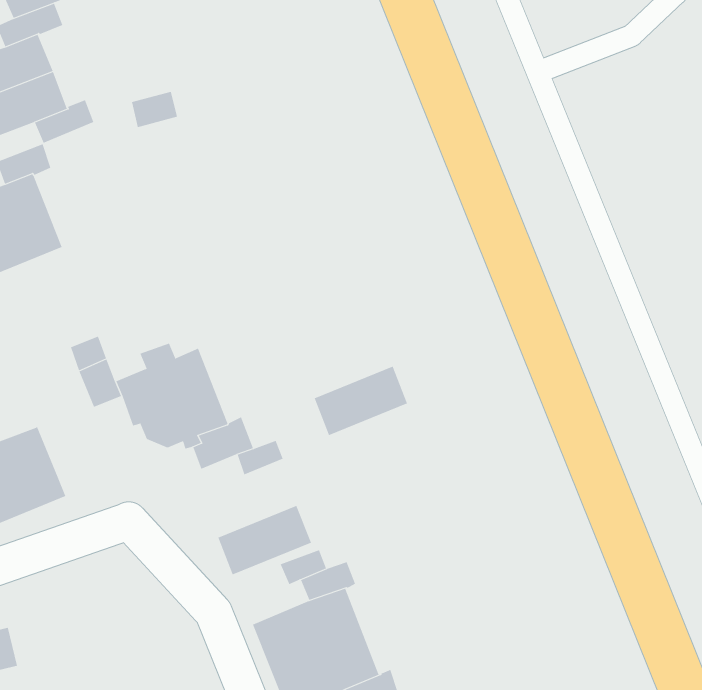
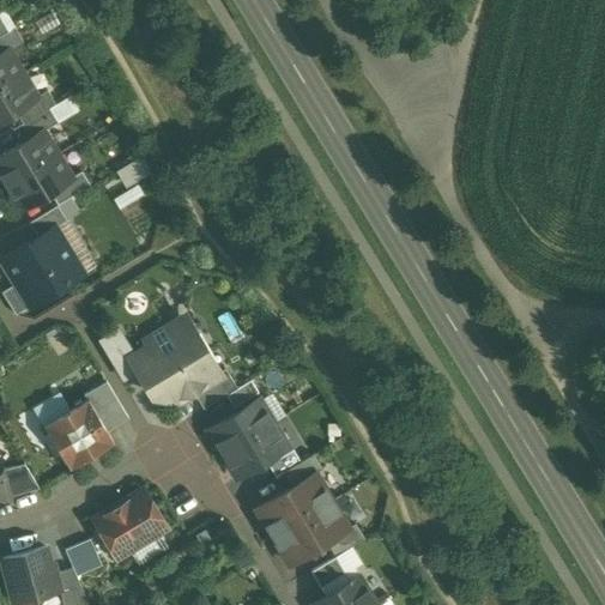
building: [314,366,408,436] -> [207,399,272,454]
building: none -> [83,382,127,431]
building: none -> [95,492,164,556]

